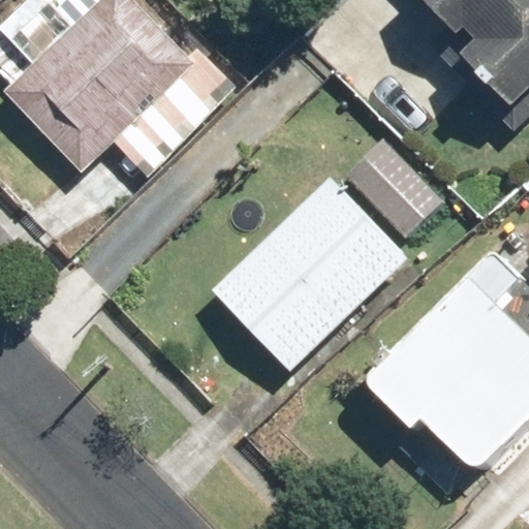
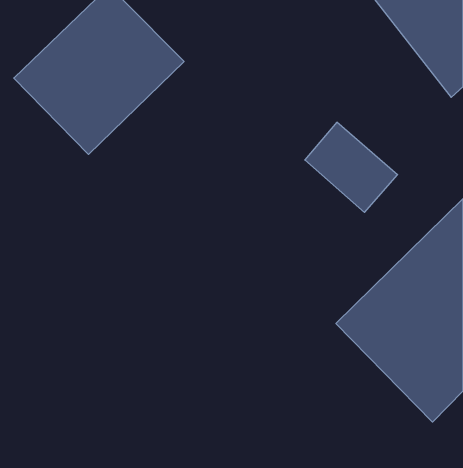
building: [206,176,410,378] -> none

